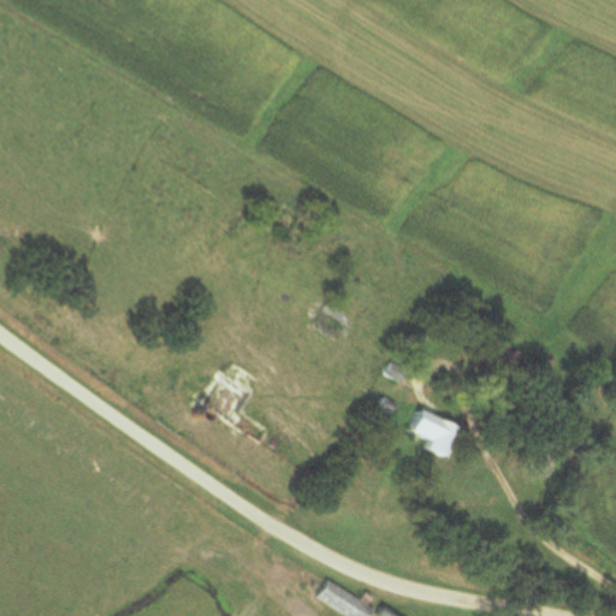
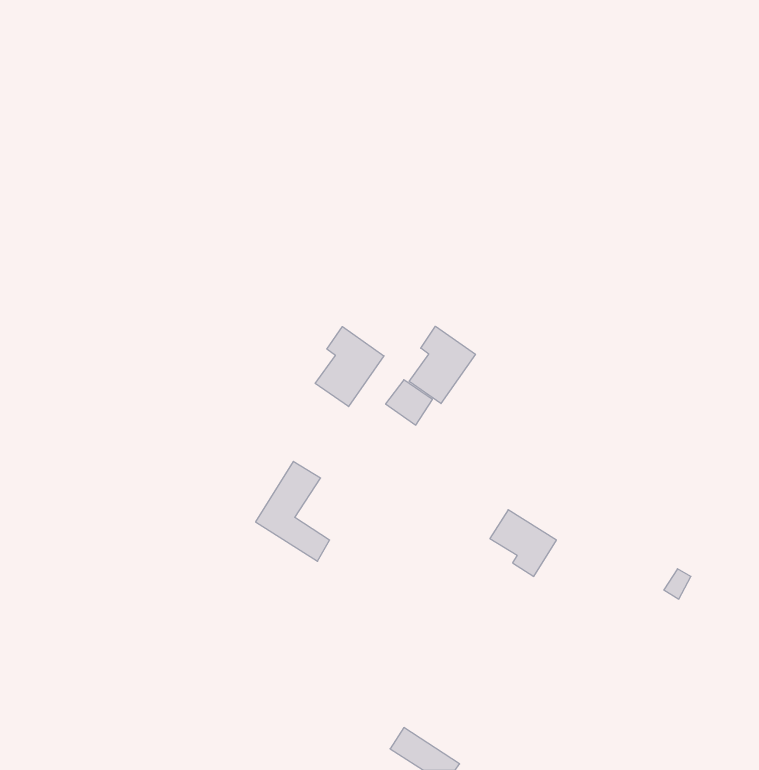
building: none -> [409,326,475,404]
building: none -> [315,327,384,407]

